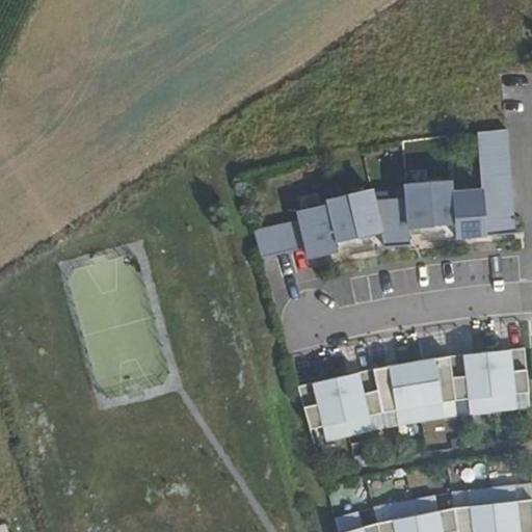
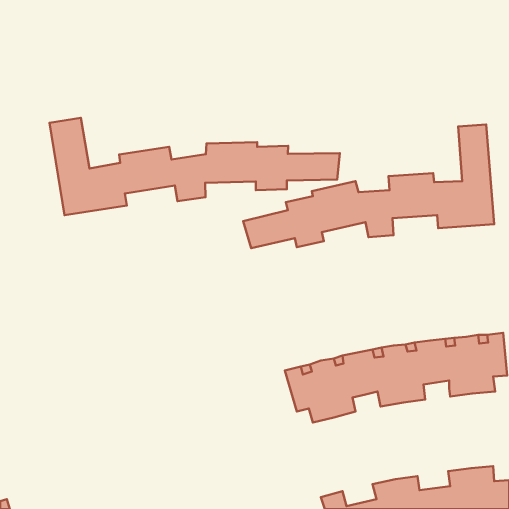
building: none -> [50,118,340,215]

